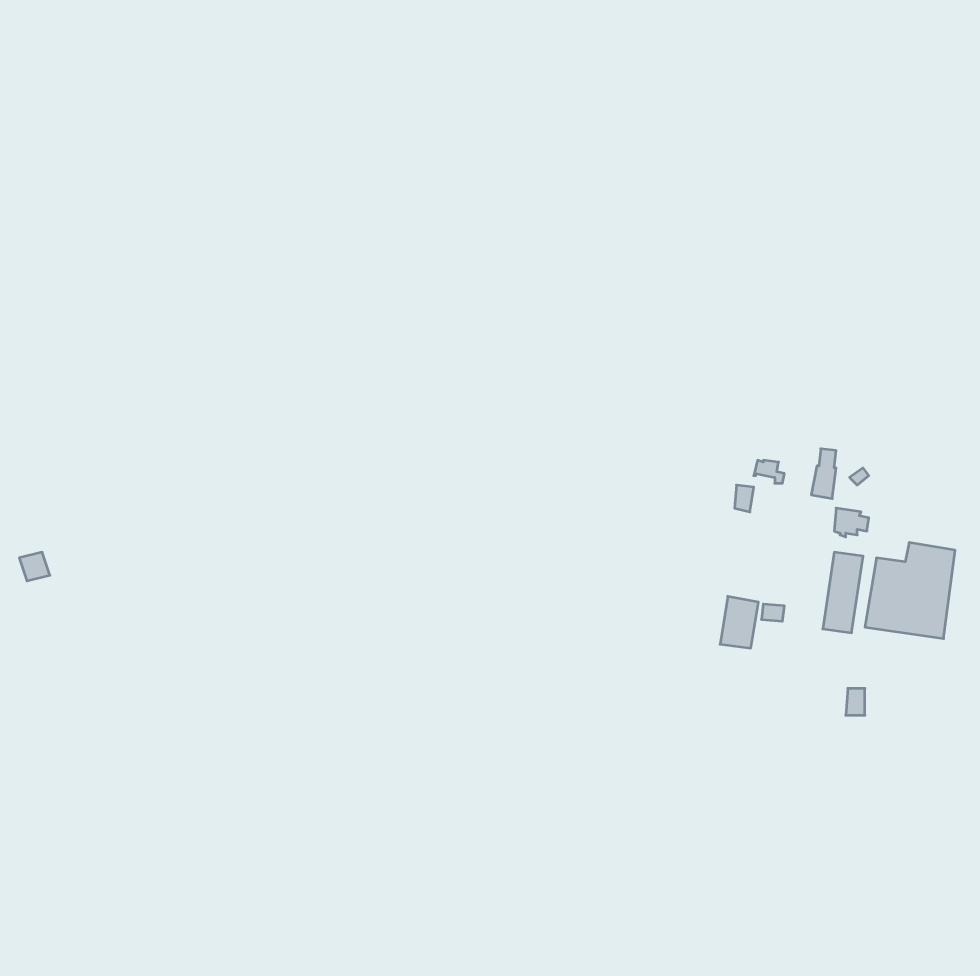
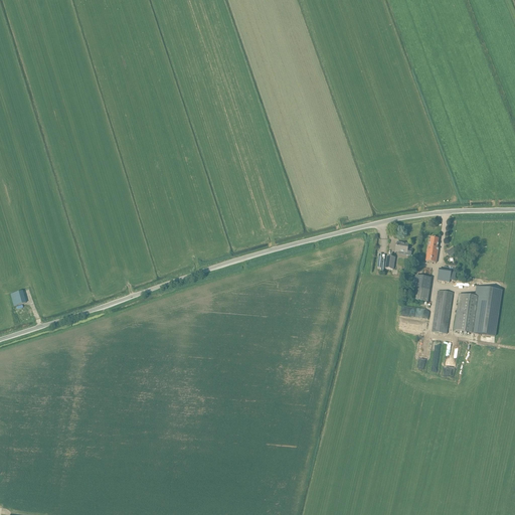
building: [720,596,758,648] -> [411,274,432,301]

